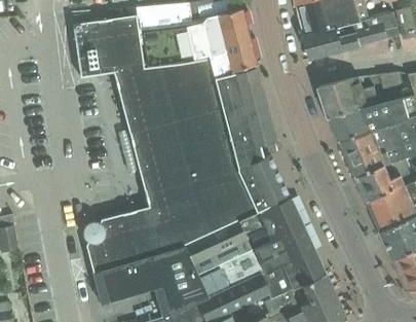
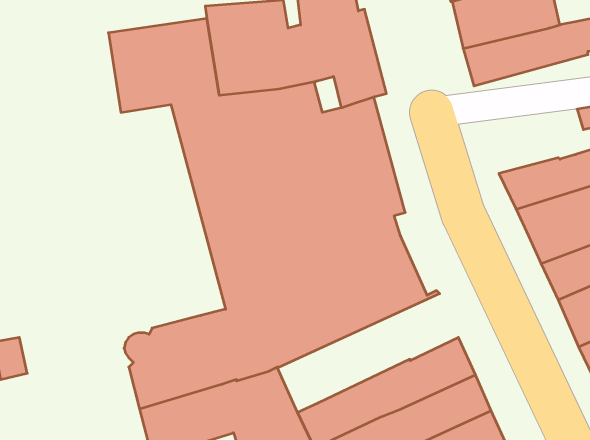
building: [320,77,380,117] -> none
building: [184,196,303,275] -> none

